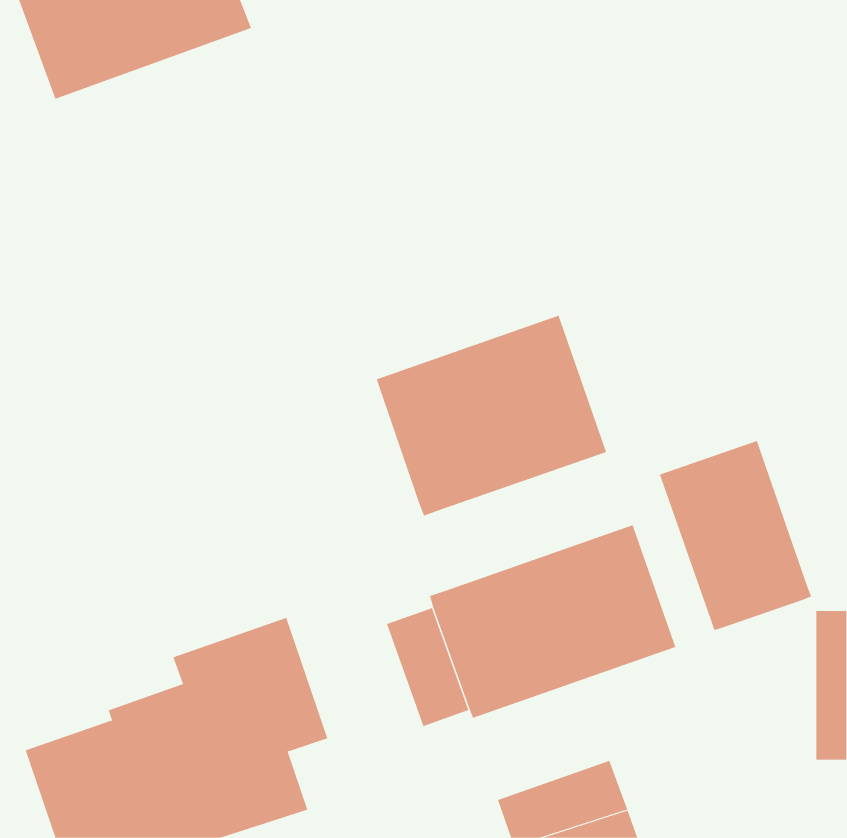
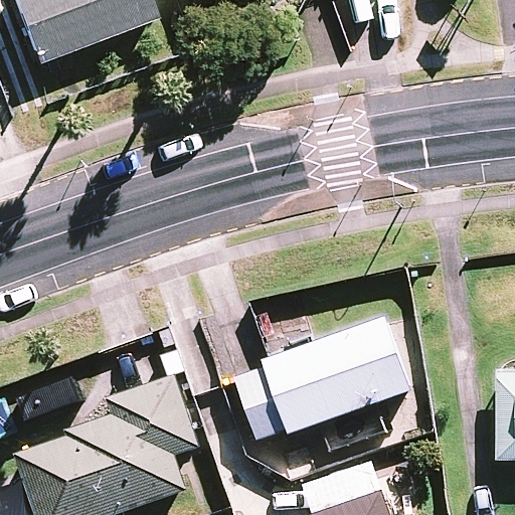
building: [376,315,607,516] -> none
building: [659,440,812,631] -> none

